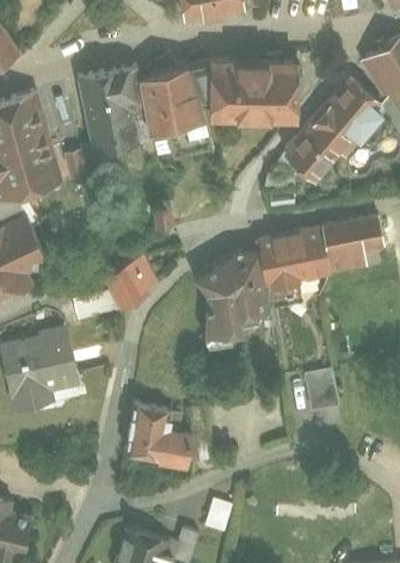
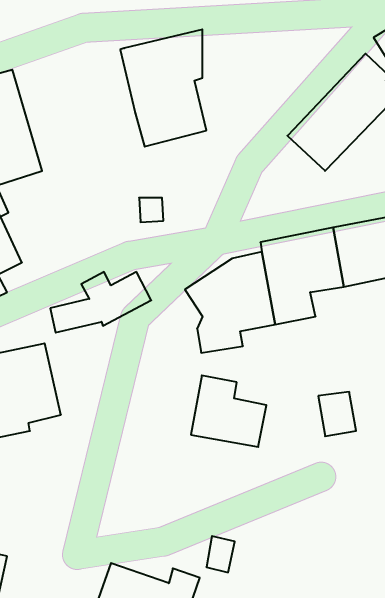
building: [204,52,296,115] -> none
building: [78,60,144,147] -> none
building: [124,409,191,472] -> [191,375,266,447]

